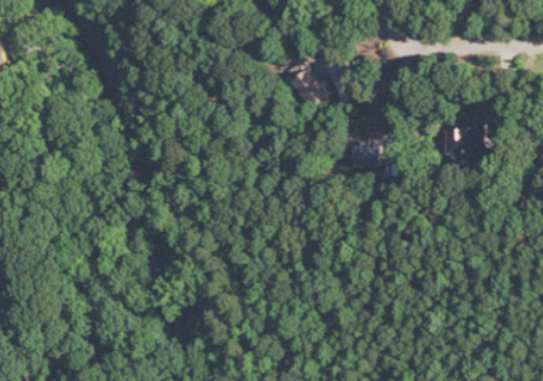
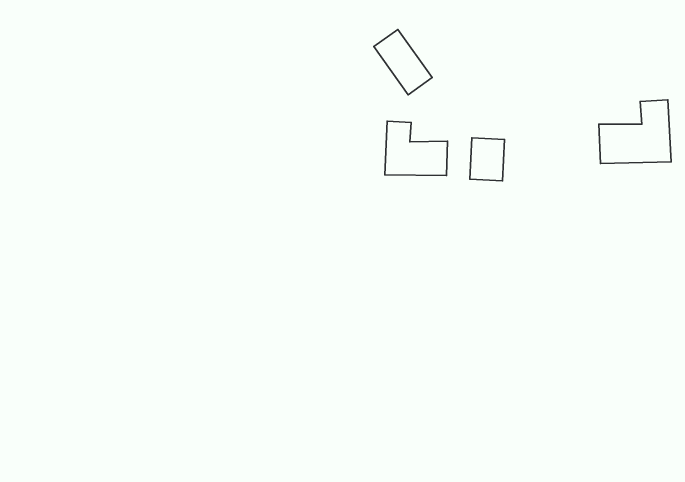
building: none -> [385,121,447,176]

